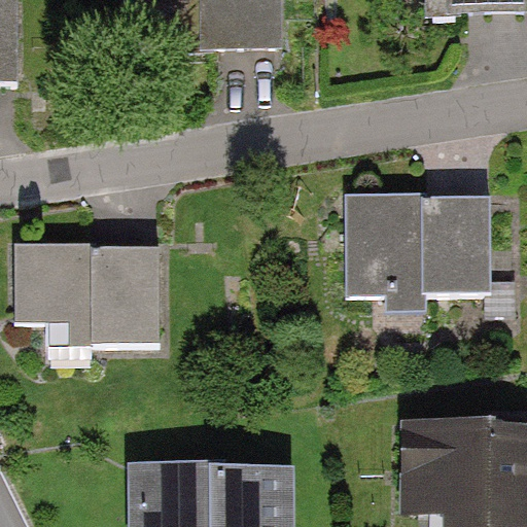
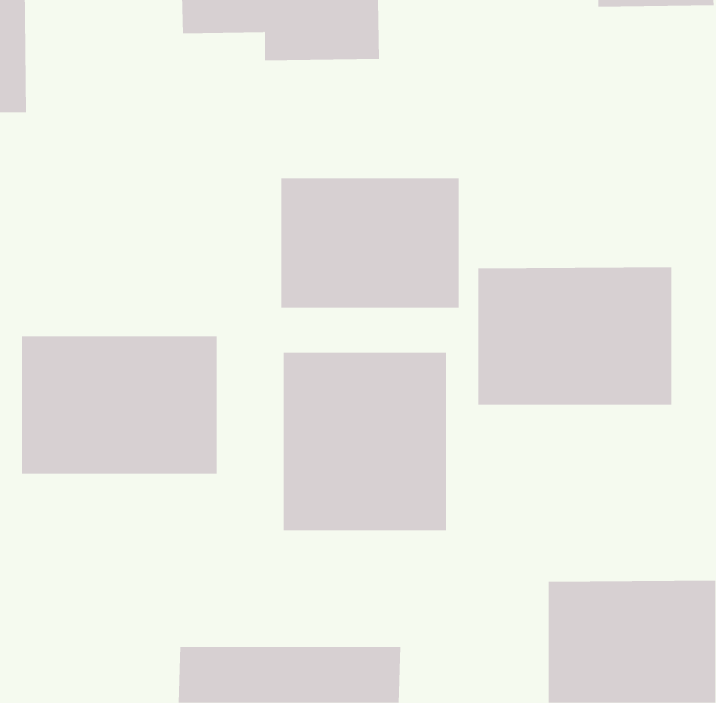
building: none -> [281,177,459,308]
building: none -> [283,352,447,531]

